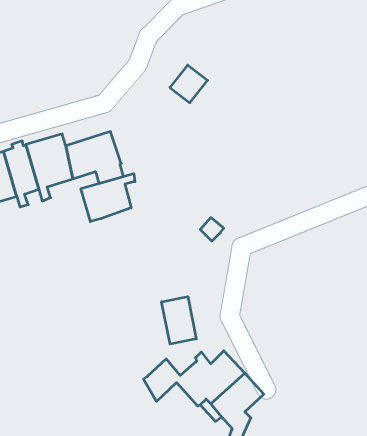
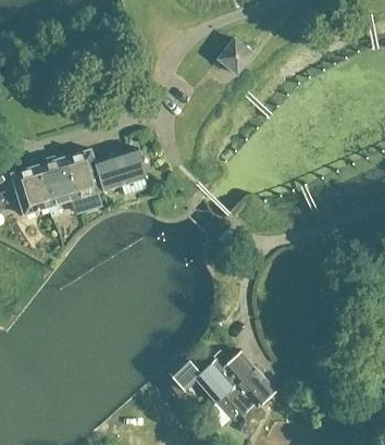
building: [170,65,208,103] -> [218,39,252,74]
building: [81,174,135,222] -> none
building: [162,297,196,344] -> none

